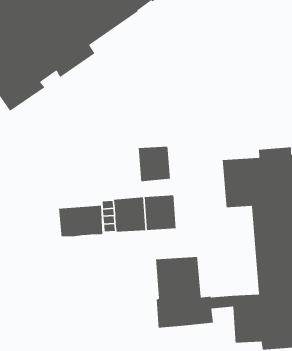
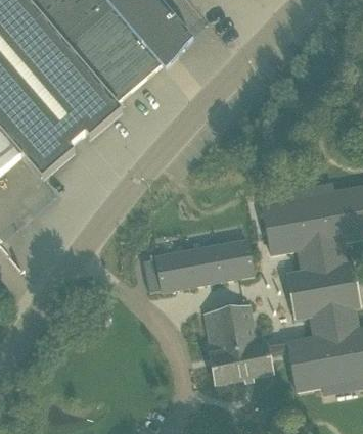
building: [138,146,171,182] -> [217,240,254,280]
building: [58,205,103,237] -> none

